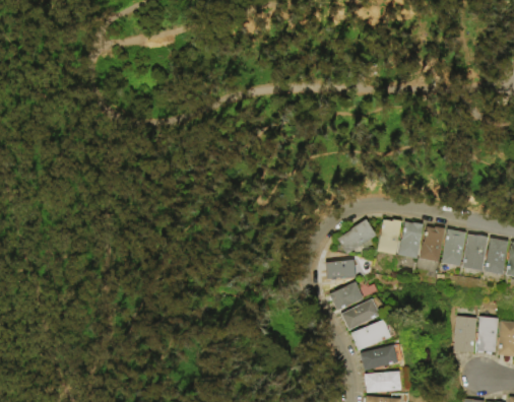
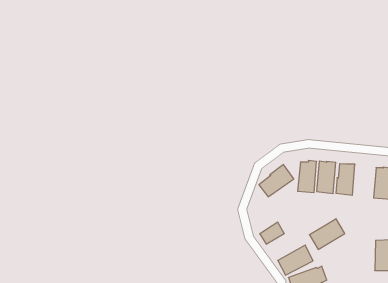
building: [444,231,468,269] -> none
building: [326,265,356,285] -> none
building: [339,295,379,328] -> [309,219,345,249]

